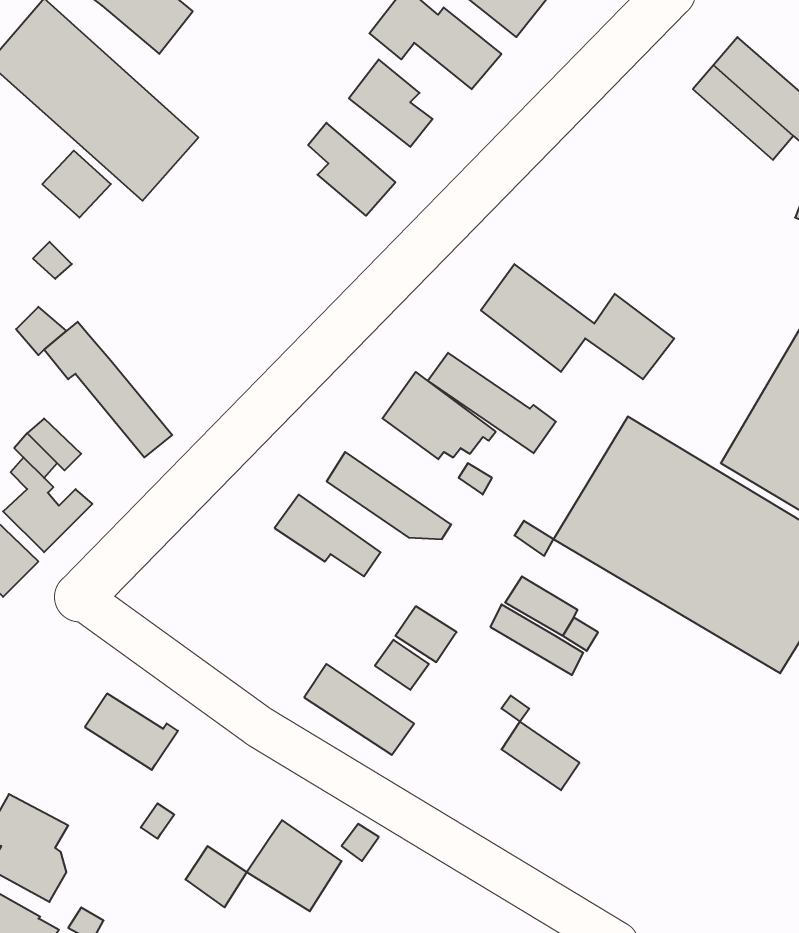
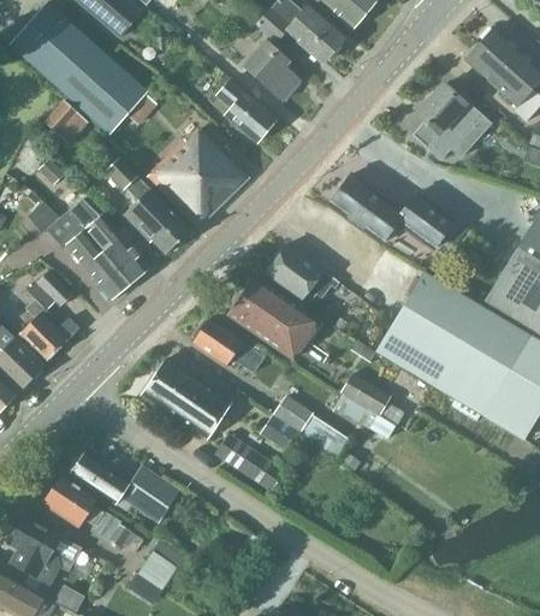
building: none -> [411,84,491,159]
building: none -> [146,130,245,226]
building: none -> [106,158,189,253]
building: none -> [67,199,148,284]
building: [428,353,556,453] -> [241,277,324,342]
building: none -> [141,357,231,438]
building: [501,722,579,790] -> [299,413,350,457]
building: none -> [43,475,100,525]
building: [247,820,342,911] -> [118,463,179,522]

